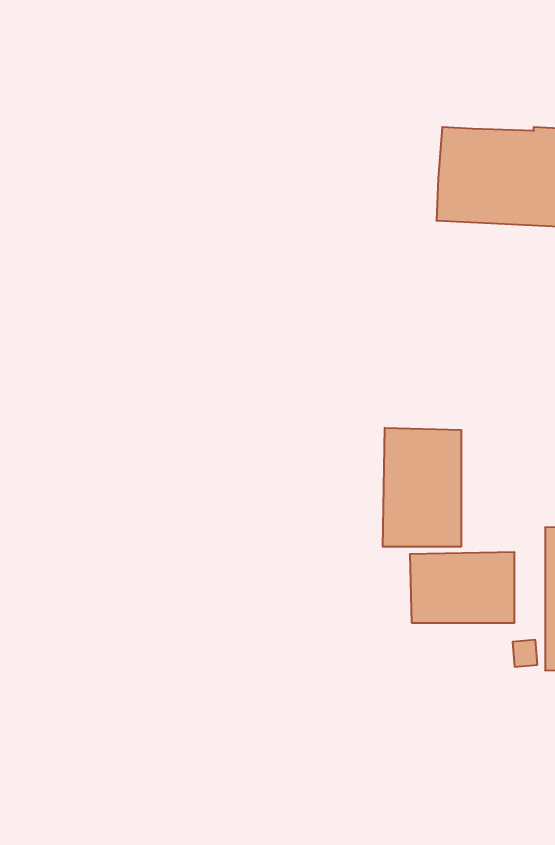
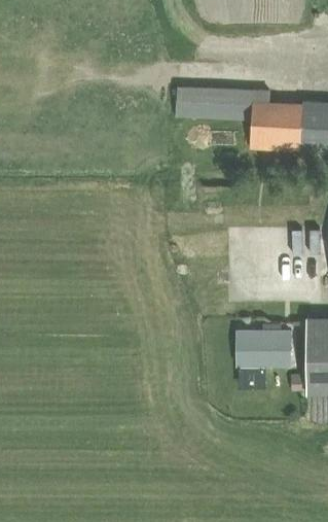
building: none -> [176,89,269,127]
building: [383,428,461,547] -> none

